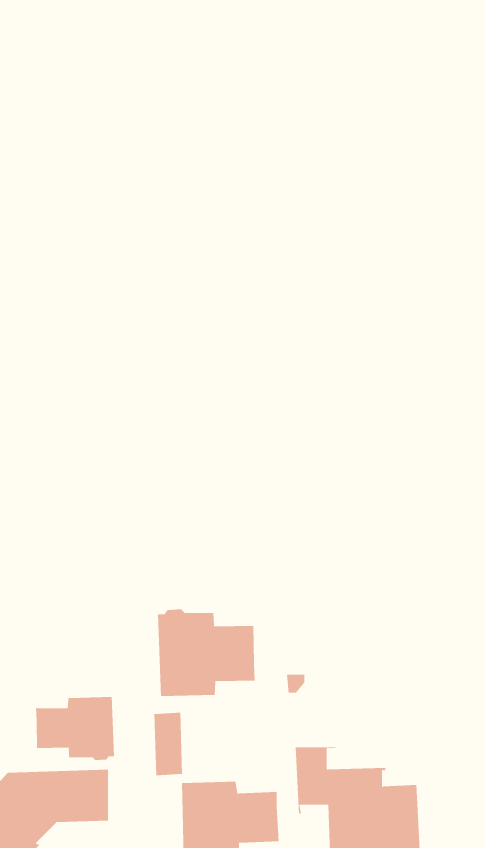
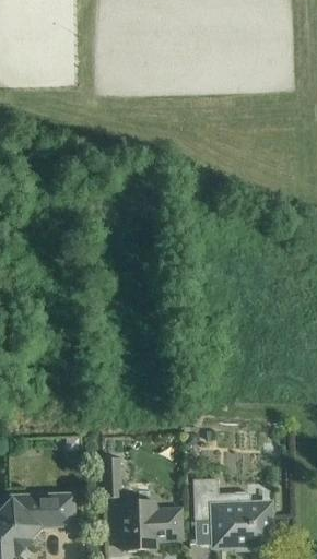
building: [157,609,255,697] -> none
building: [35,696,114,761] -> none

